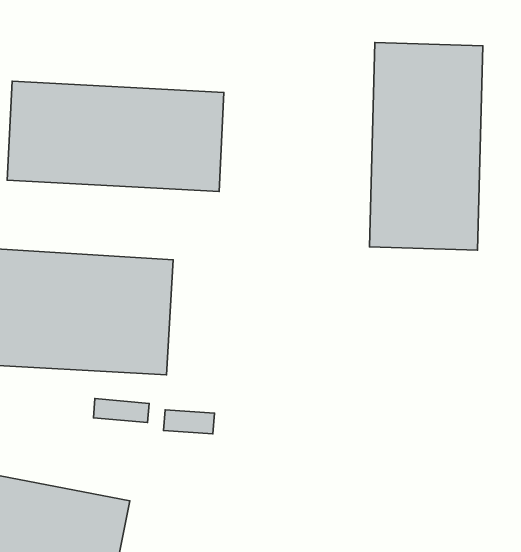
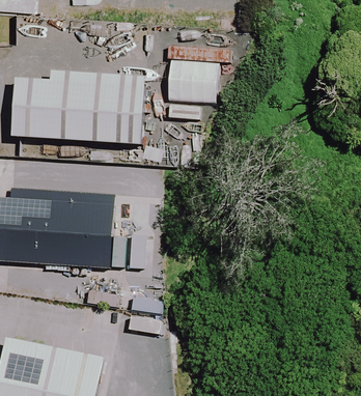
building: [370,42,483,250] -> none
building: none -> [163,57,212,115]

